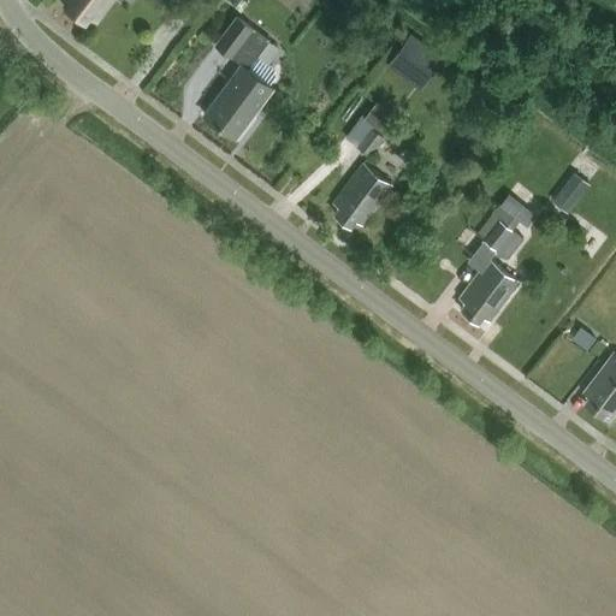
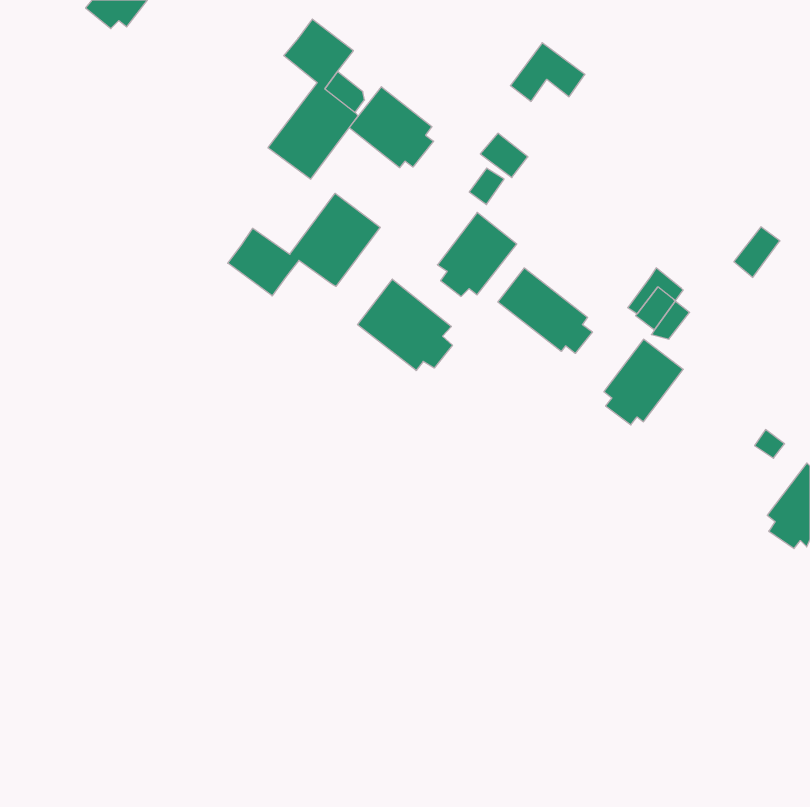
building: none -> [349,87,434,168]
building: none -> [228,193,380,296]
building: none -> [498,268,592,353]
building: none -> [358,279,452,371]

